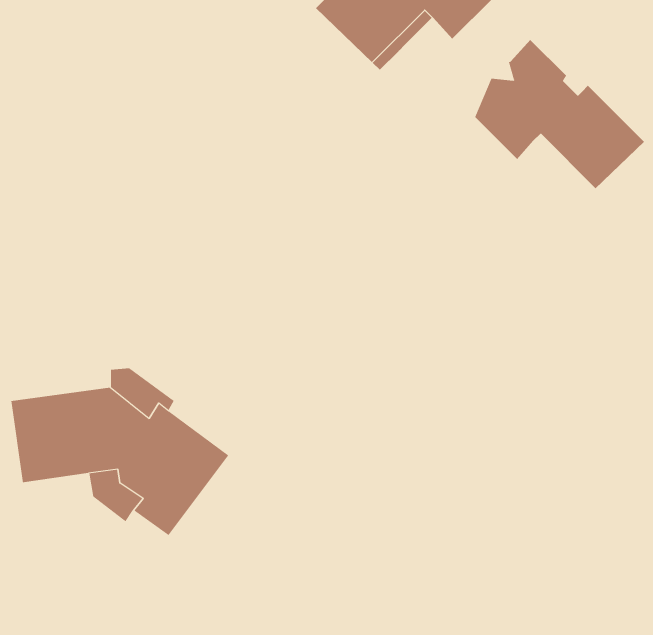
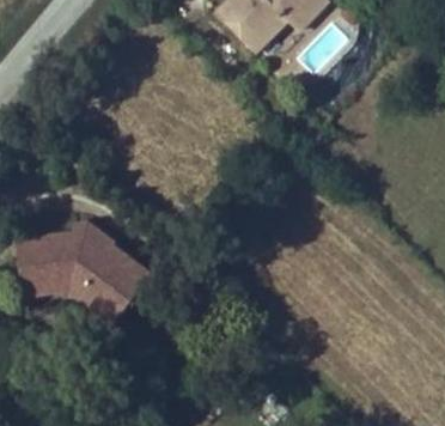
building: [474,39,645,189] -> none

